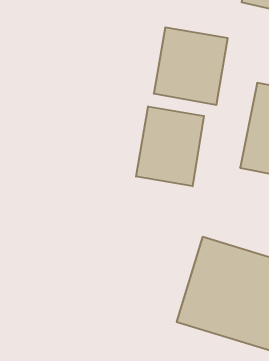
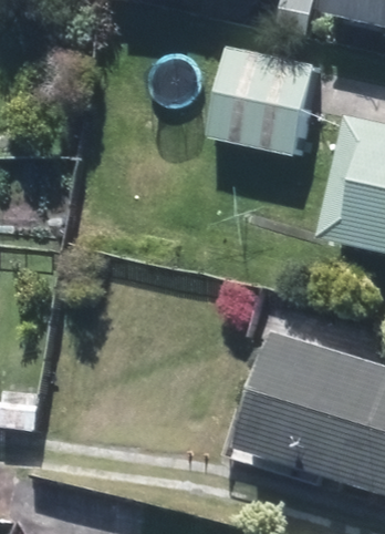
building: [136,106,204,186] -> none

